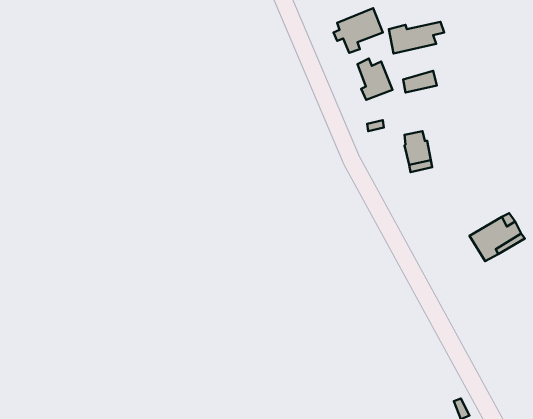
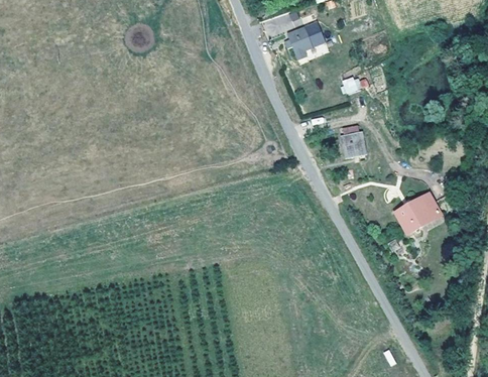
building: [389,22,444,54] -> none
building: [357,59,393,100] -> none

